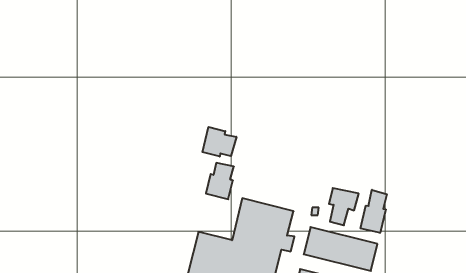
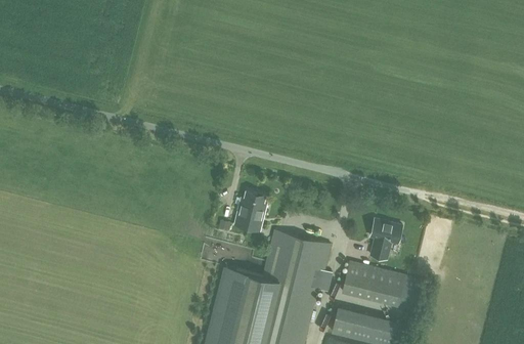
building: [202,127,236,157] -> none
building: [361,190,387,233] -> none

